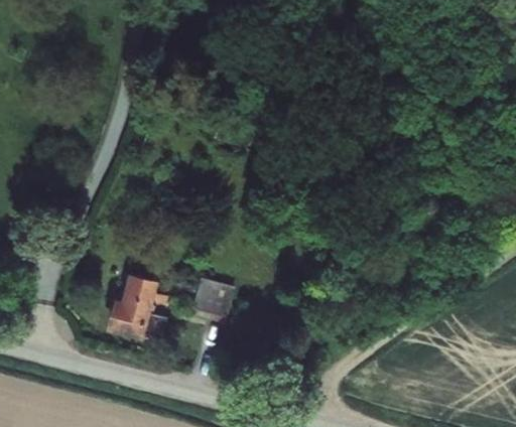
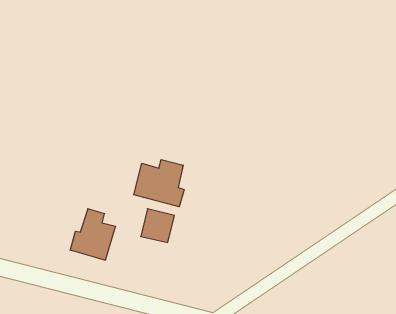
building: none -> [134,160,184,207]

